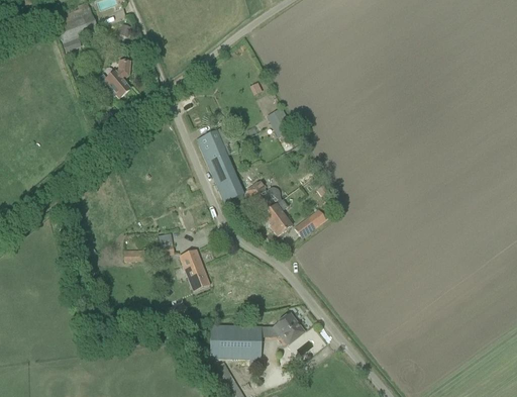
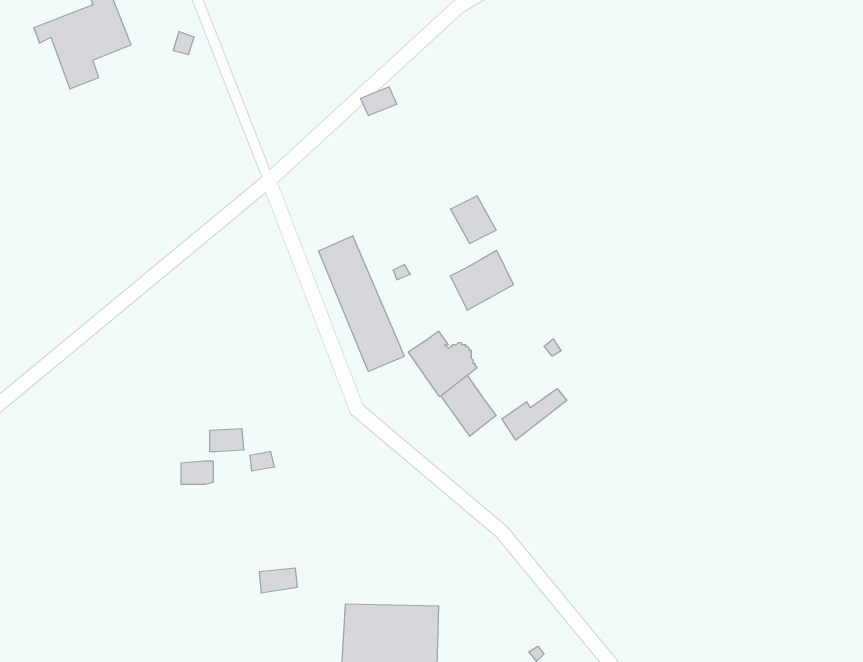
building: [98,60,130,97] -> none
building: none -> [450,250,514,310]
building: [180,249,210,290] -> none
building: [273,312,305,345] -> none

